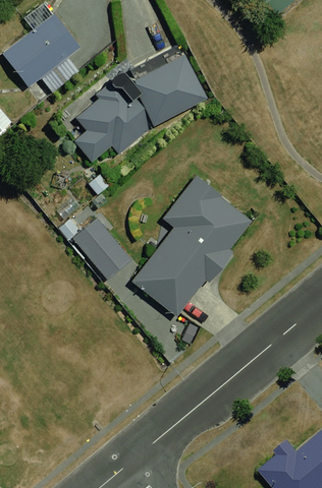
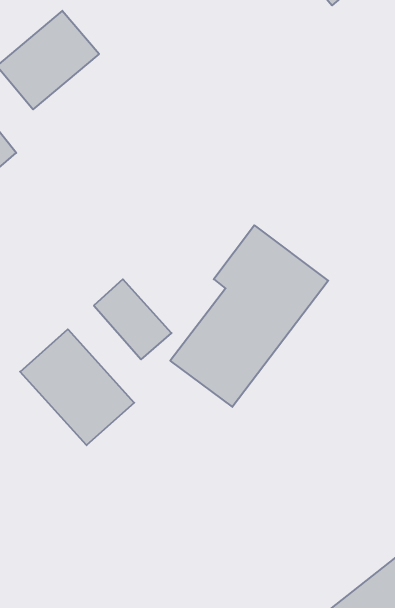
building: [72,51,201,162] -> none
building: none -> [20,329,134,445]

